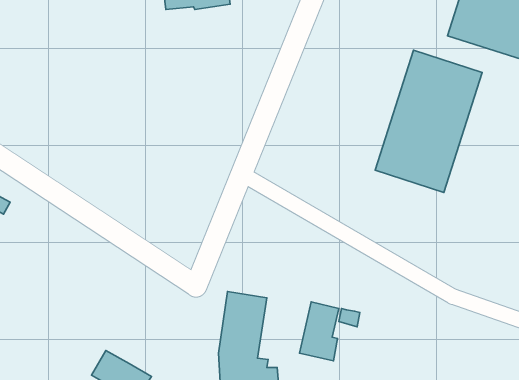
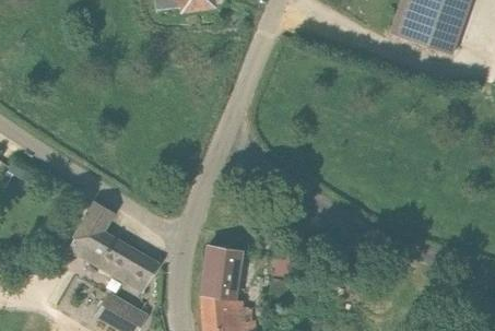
building: [375,50,482,193] -> none
building: none -> [70,203,158,291]

